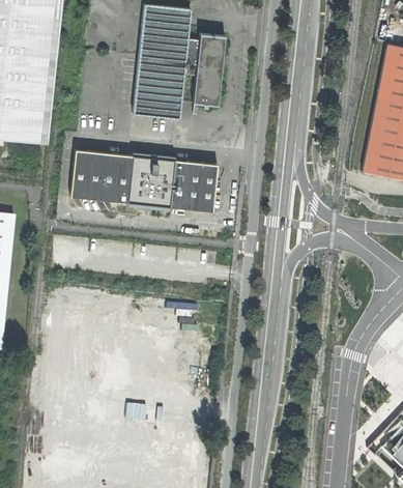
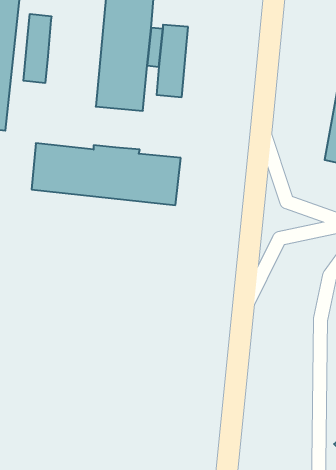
building: none -> [23,14,51,83]

